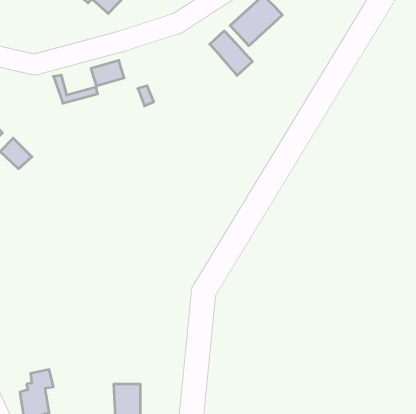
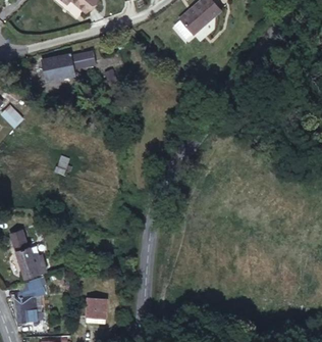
building: [210,31,252,76] -> none
building: none -> [47,52,73,74]
building: none -> [11,228,47,276]

